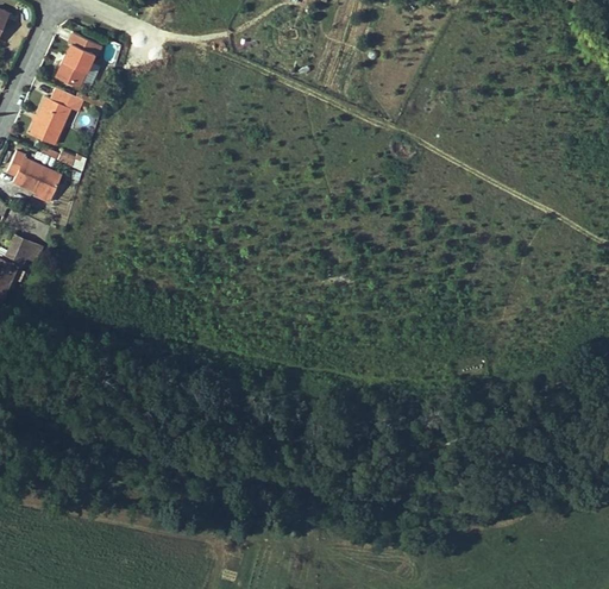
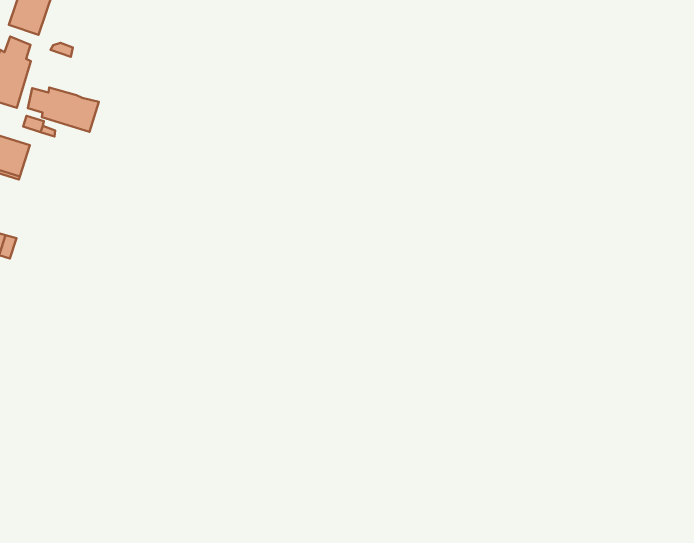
building: none -> [28,87,99,132]

